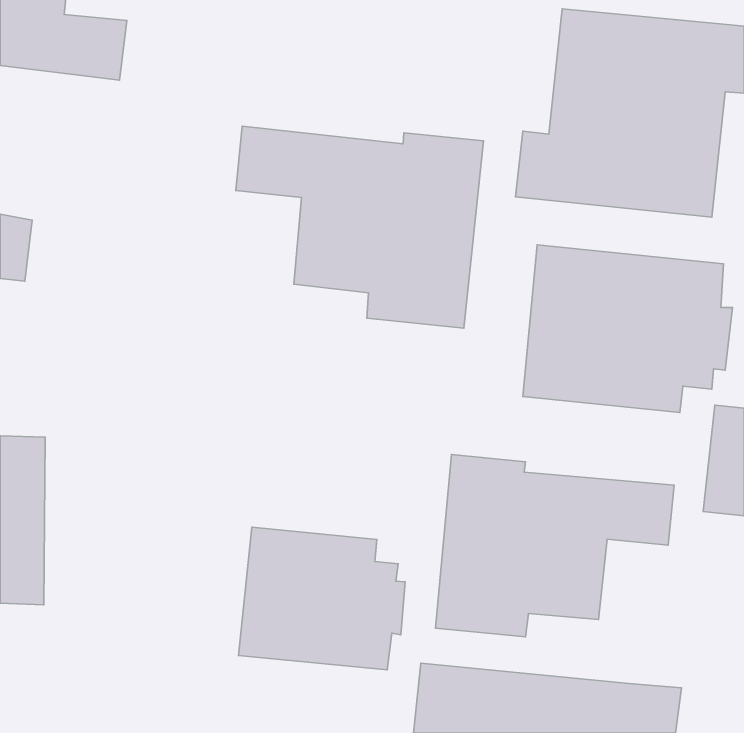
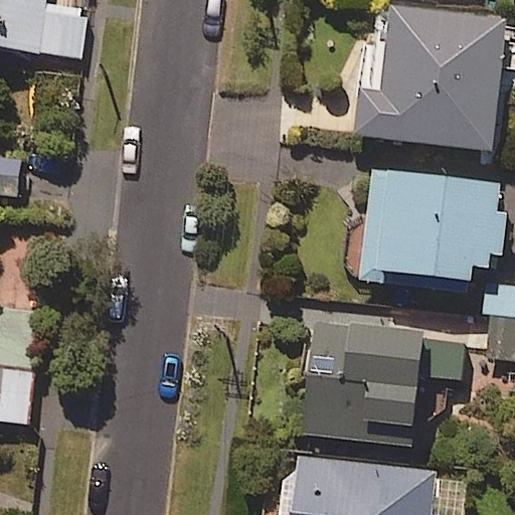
building: [236,126,484,328] -> none
building: [239,527,405,670] -> none

